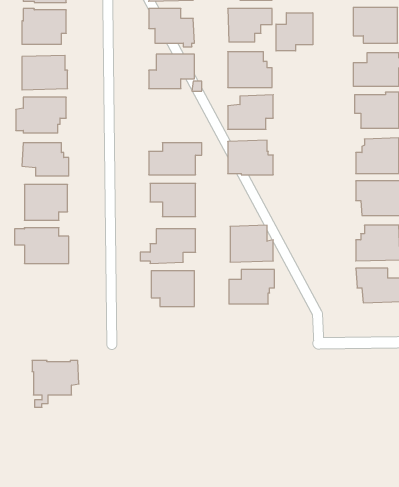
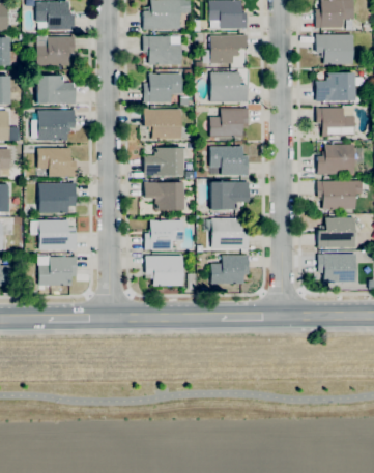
building: [276,13,313,51] -> none
building: none -> [145,109,181,139]
building: none -> [210,181,250,209]
building: [32,360,79,407] -> [38,256,78,295]

